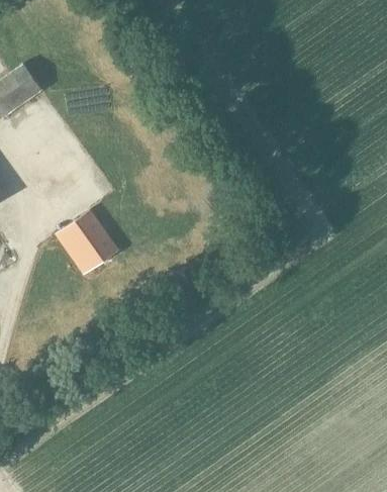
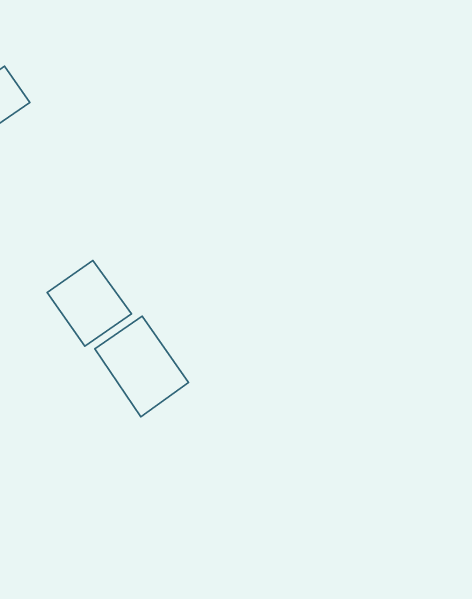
building: none -> [95,316,189,417]

